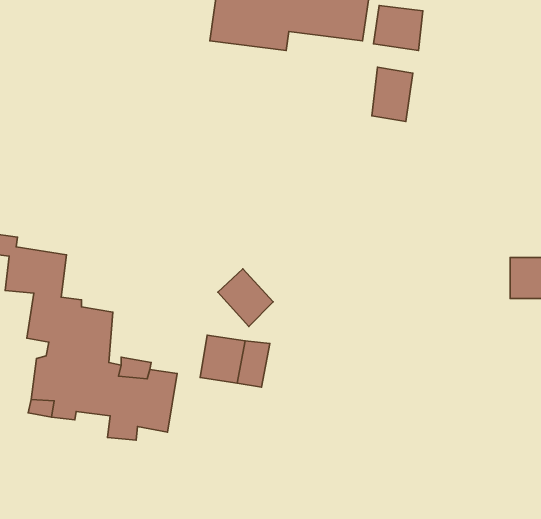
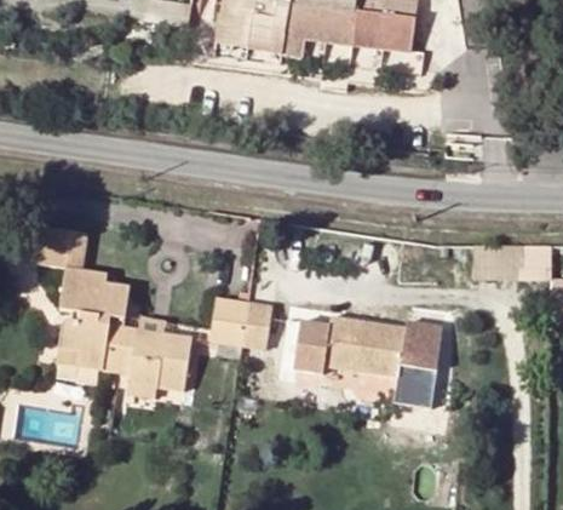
building: [372,67,413,121] -> none
building: [218,269,273,327] -> none
building: none -> [300,317,442,395]

